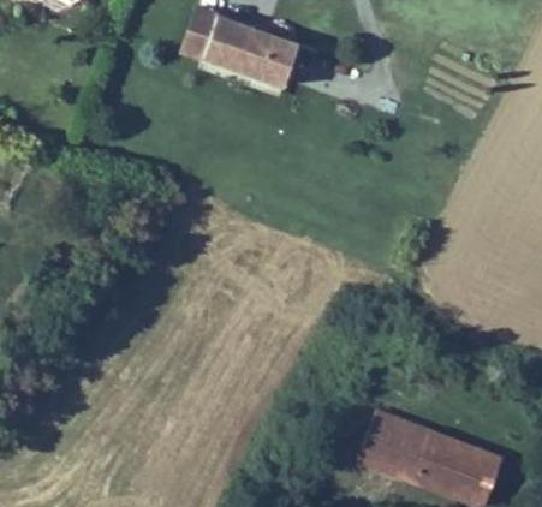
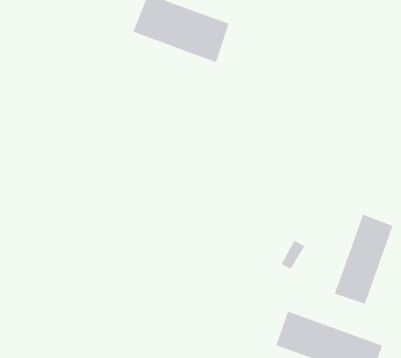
building: none -> [334,214,393,304]

